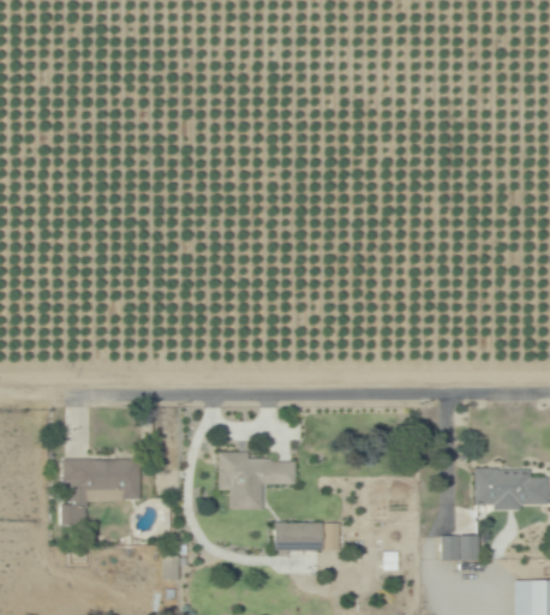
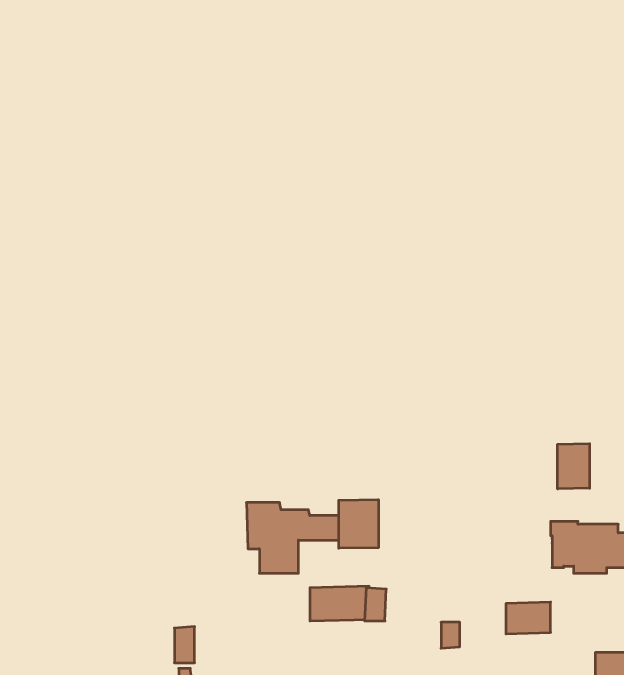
building: none -> [558,444,590,489]
building: none -> [339,500,378,548]
building: [60,460,142,527] -> none

